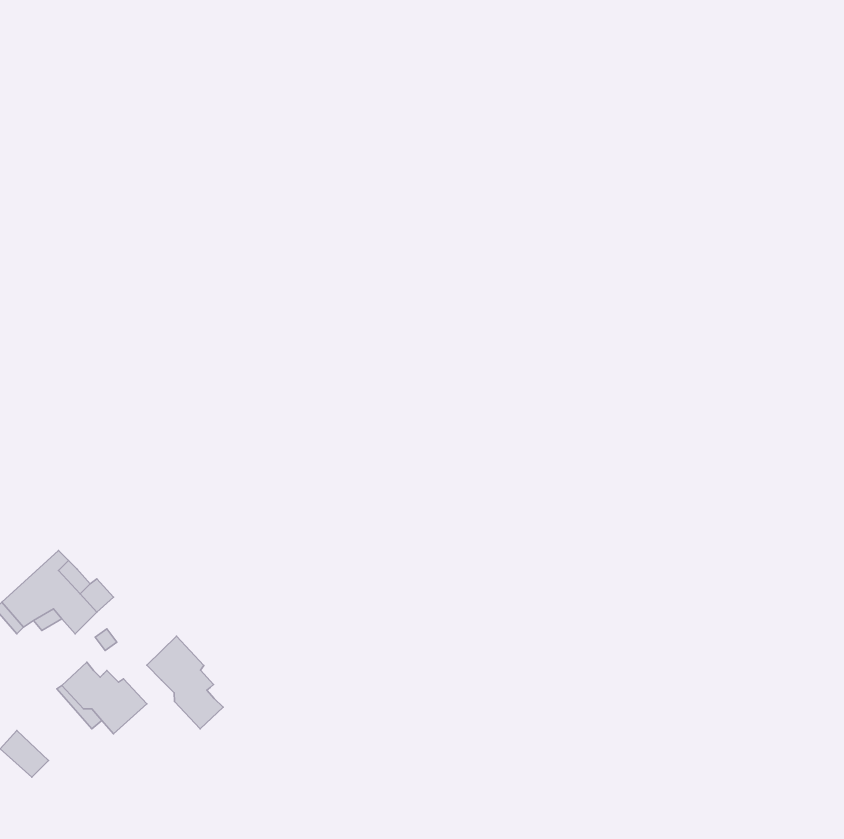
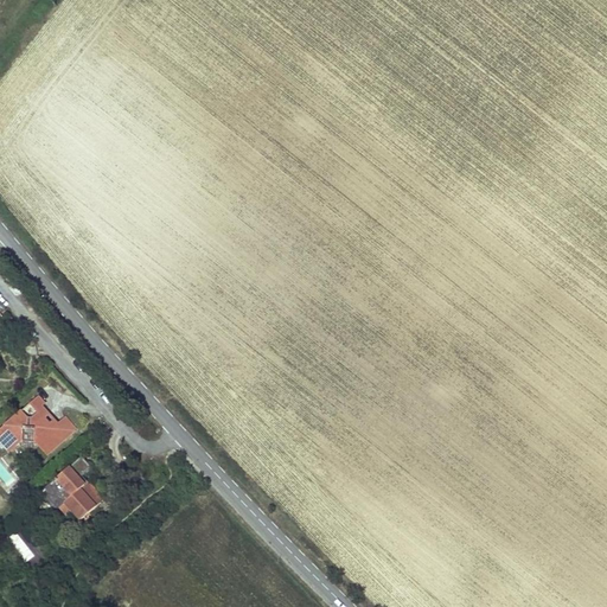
building: [147,636,223,729] -> none

